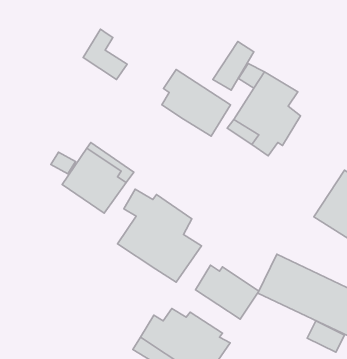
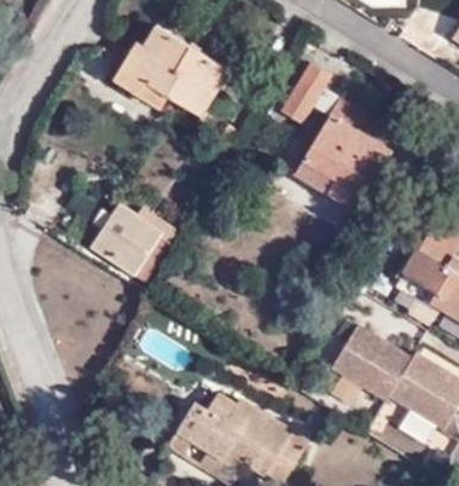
building: [162,70,230,136] -> [140,25,227,110]
building: [117,189,202,282] -> none
building: [195,265,259,319] -> none

